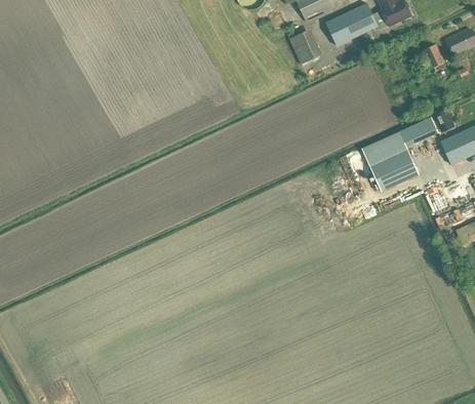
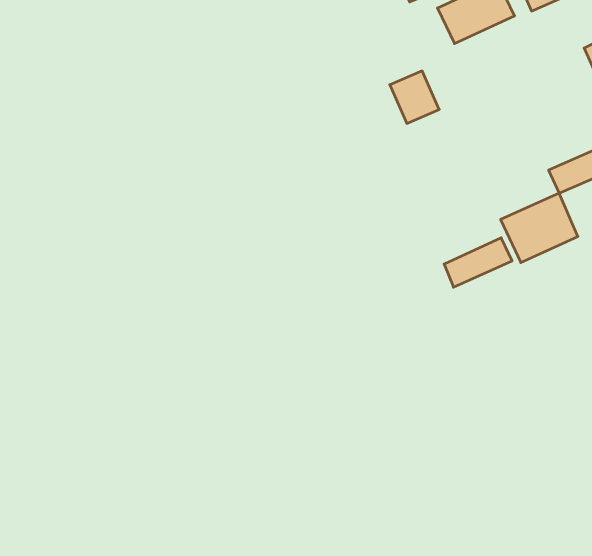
building: [290,28,323,63] -> [390,71,439,123]
building: [360,130,405,163] -> [444,238,512,287]

